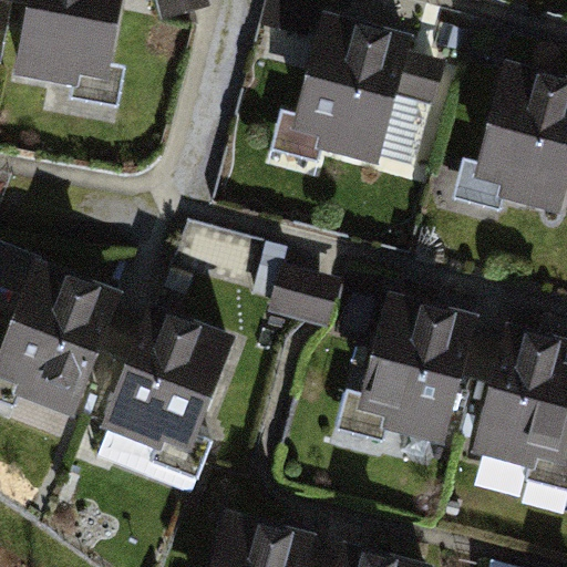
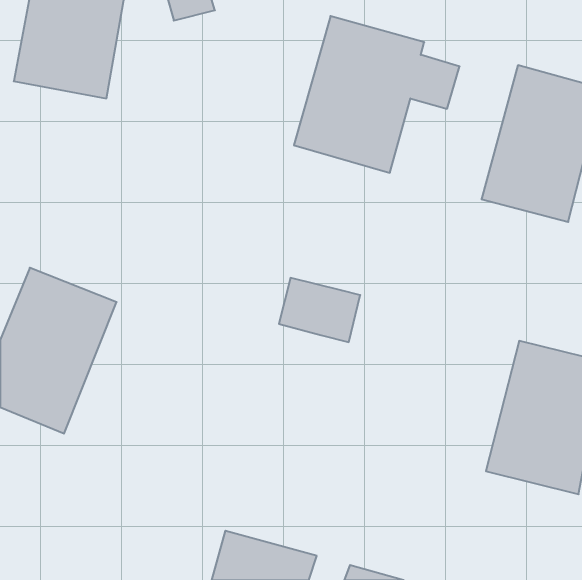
building: [341,293,476,451] -> none
building: [100,307,236,460] -> none

